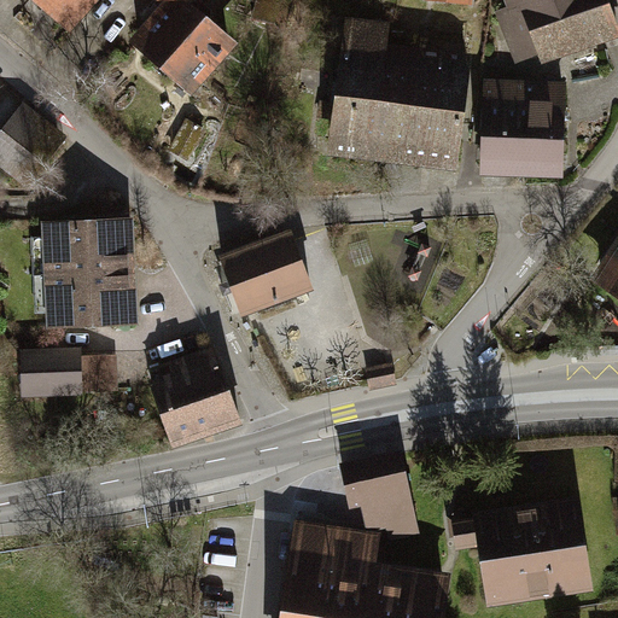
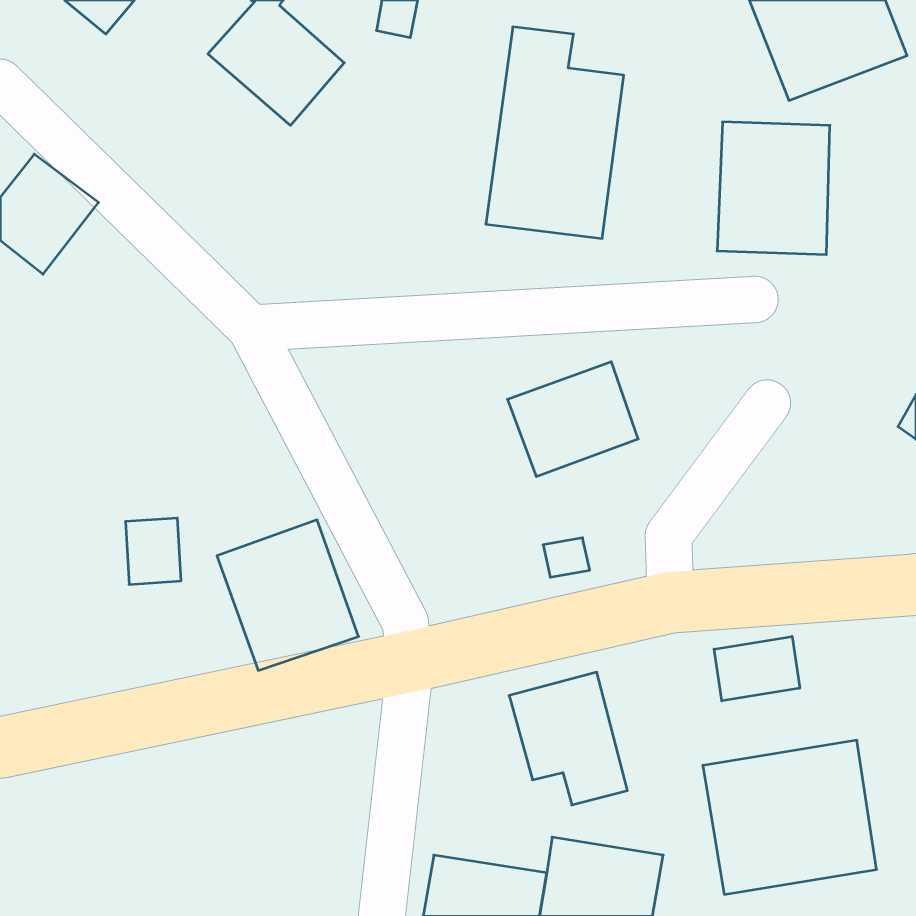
building: [406,51,468,168] -> none
building: [37,221,139,340] -> none
building: [220,234,308,311] -> [507,362,638,476]
building: [18,352,84,400] -> none
building: none -> [714,636,800,701]
building: [292,525,377,588] -> none

